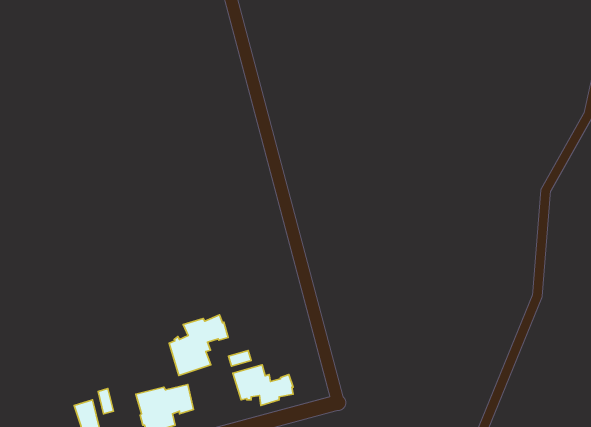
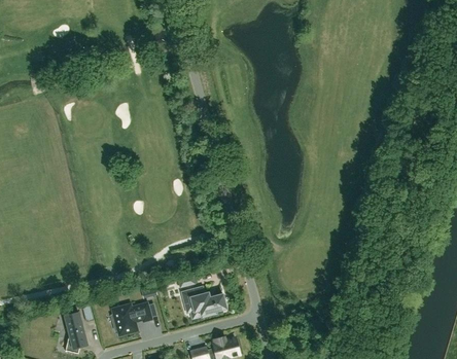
building: [169,315,228,375] -> none

